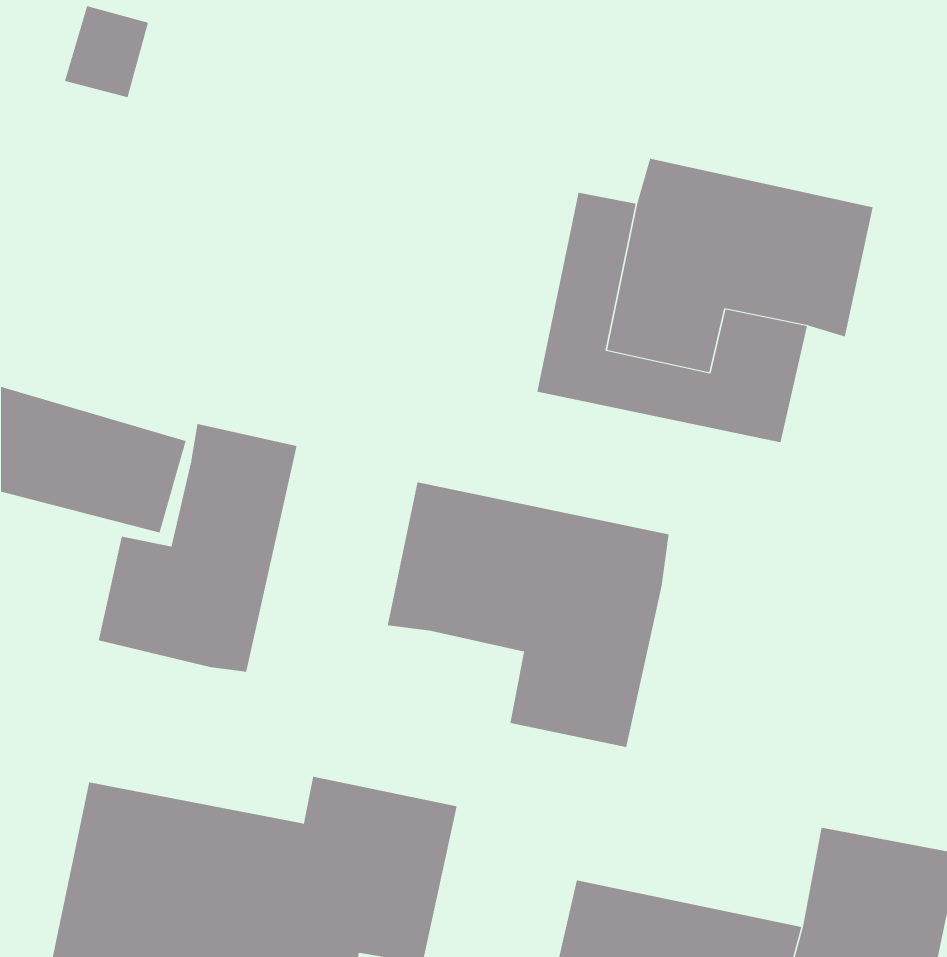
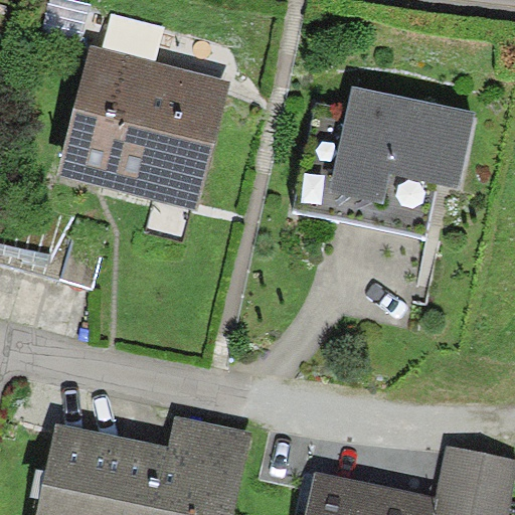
building: none -> [60,48,227,201]
building: [98,423,297,673] -> none
building: [387,482,669,748] -> none

